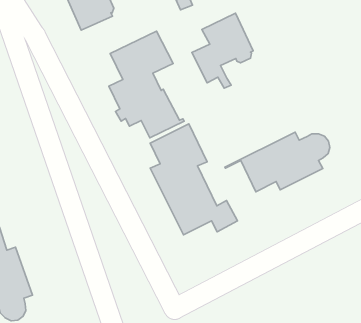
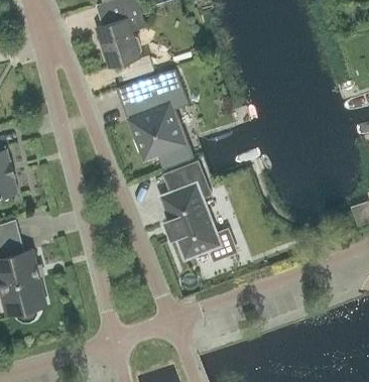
building: [192,13,253,88] -> none
building: [225,132,330,192] -> none

